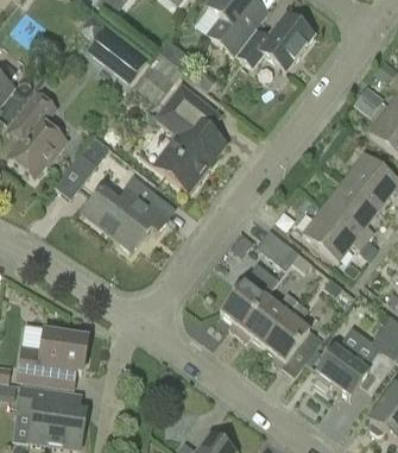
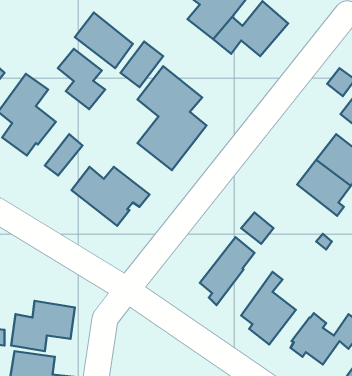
building: none -> [58,49,105,109]
building: [303,206,366,260] -> none
building: [238,291,297,345] -> none

